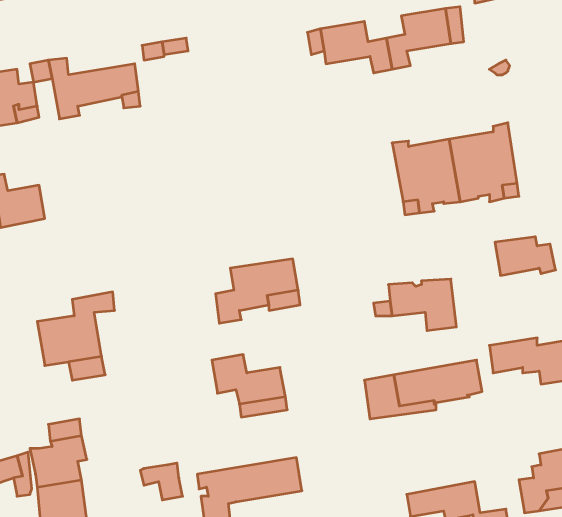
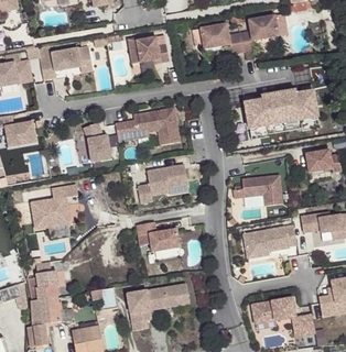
building: none -> [128,37,167,64]
building: none -> [115,108,179,145]
building: none -> [83,122,110,162]

